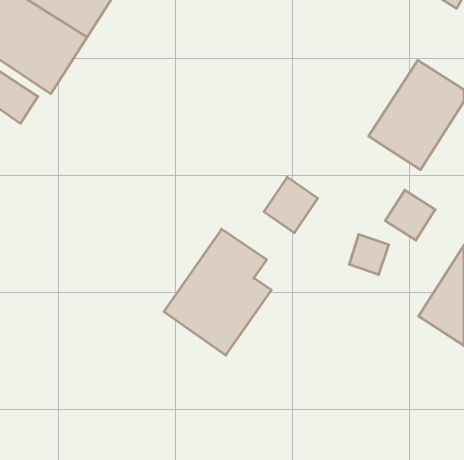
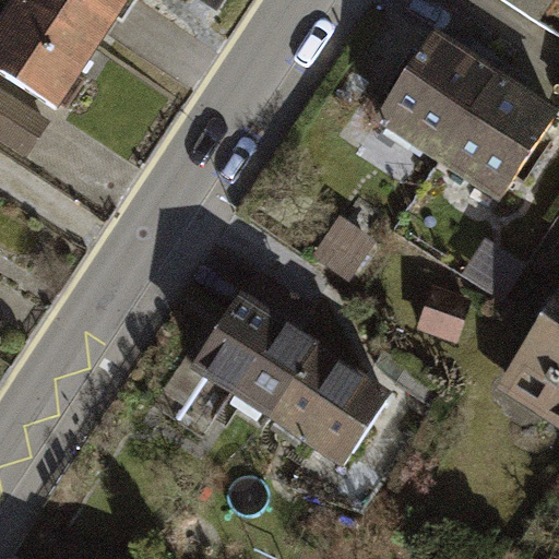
building: none -> [373,31,492,160]
building: none -> [266,342,393,468]

